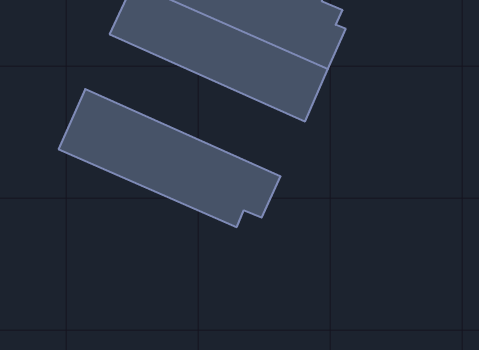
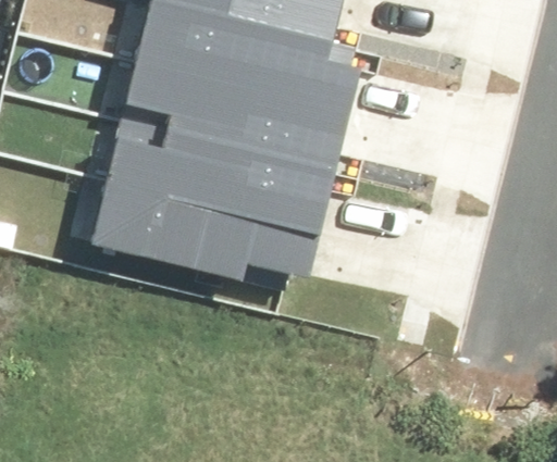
building: none -> [103,115,335,230]

